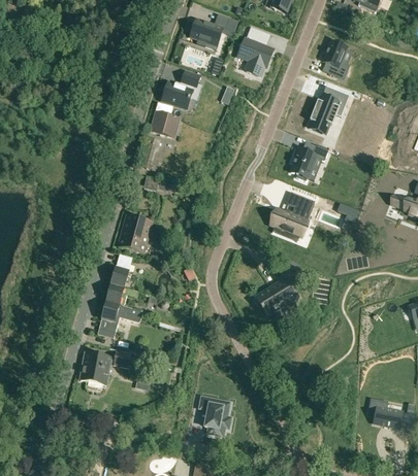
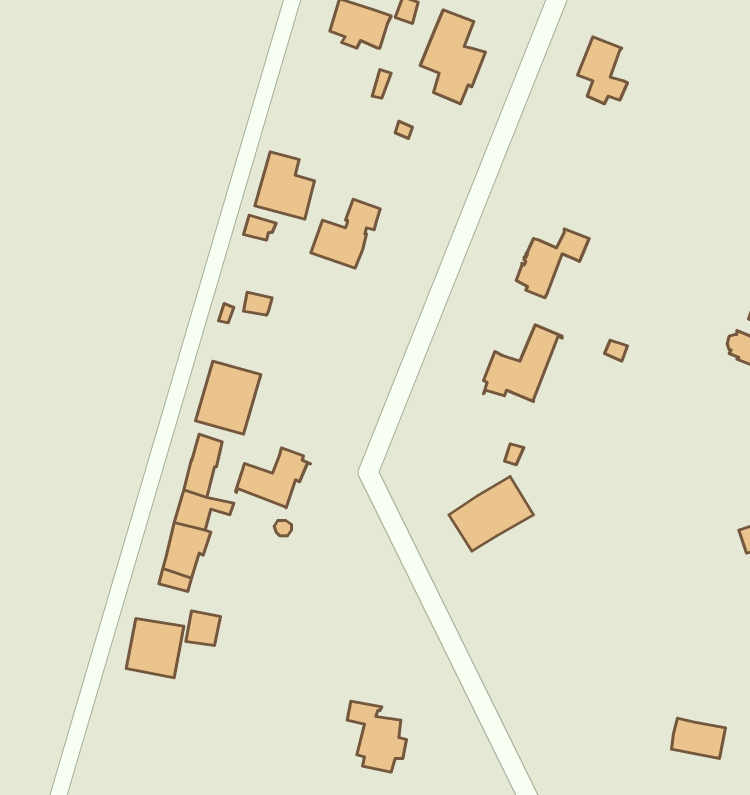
building: [163,71,200,108] -> [311,199,380,268]
building: [308,90,350,133] -> none
building: none -> [235,448,311,508]

